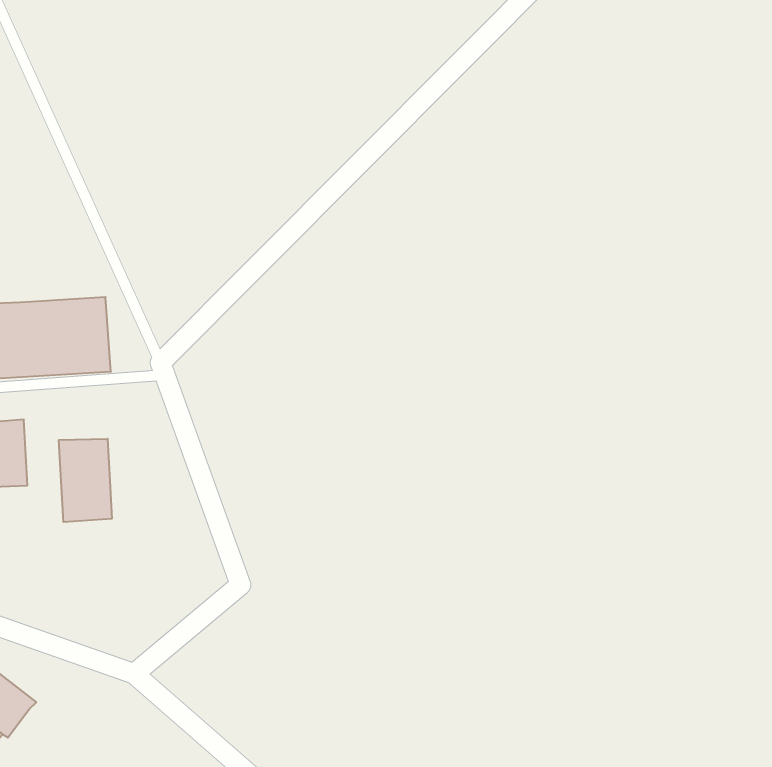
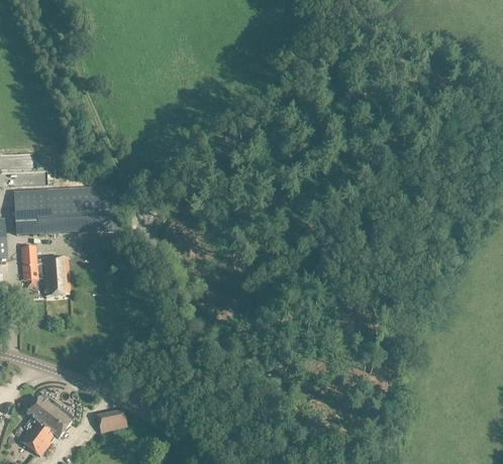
building: [59,439,112,522] -> none
building: none -> [95,409,126,432]

